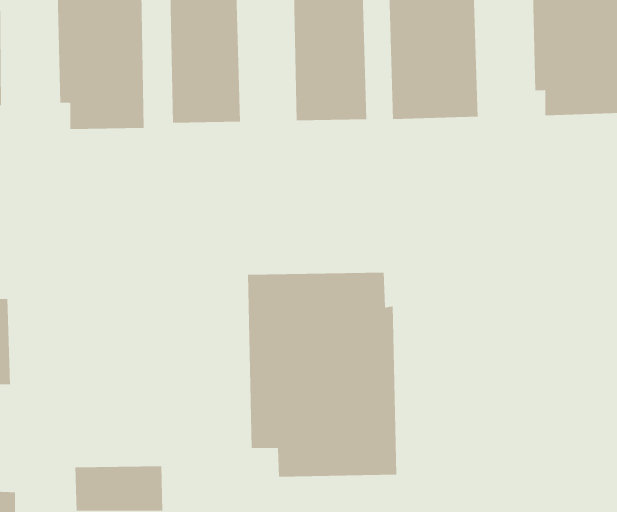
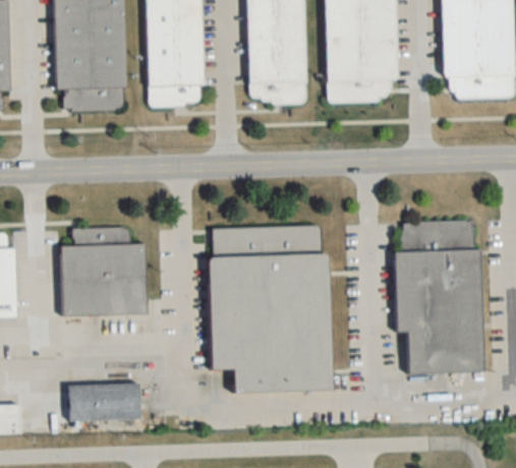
building: none -> [394,221,483,373]
building: none -> [61,228,147,316]

